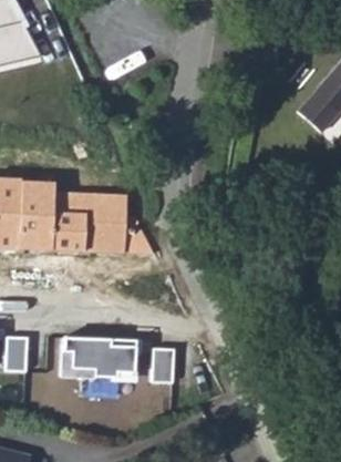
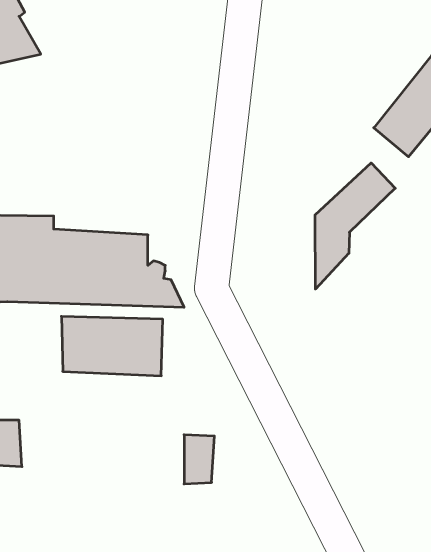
building: none -> [315,163,395,289]
building: [58,338,135,383] -> [61,316,163,376]

